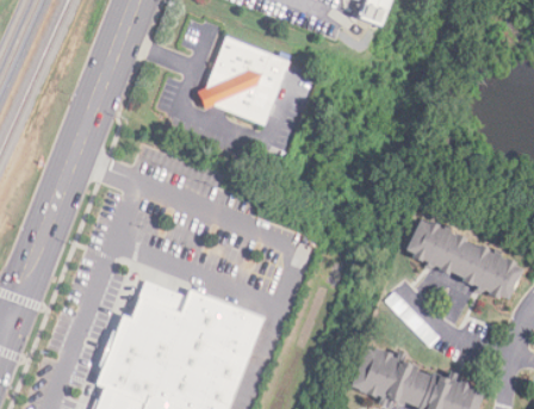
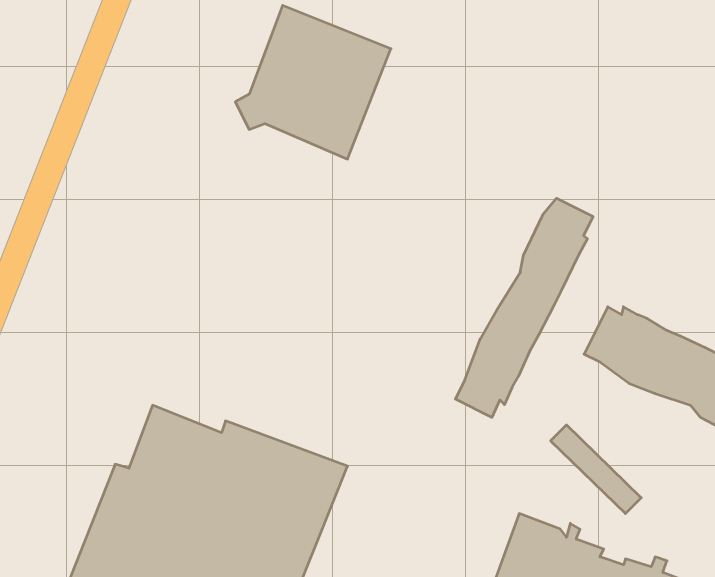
building: none -> [455,198,593,417]

